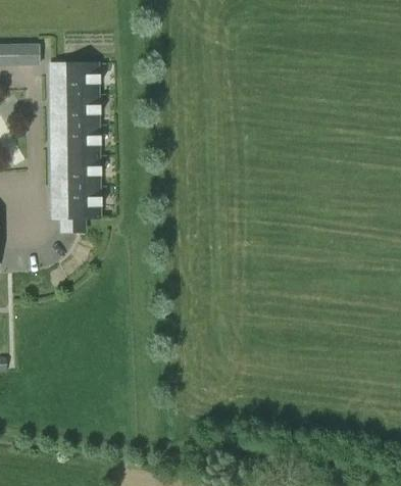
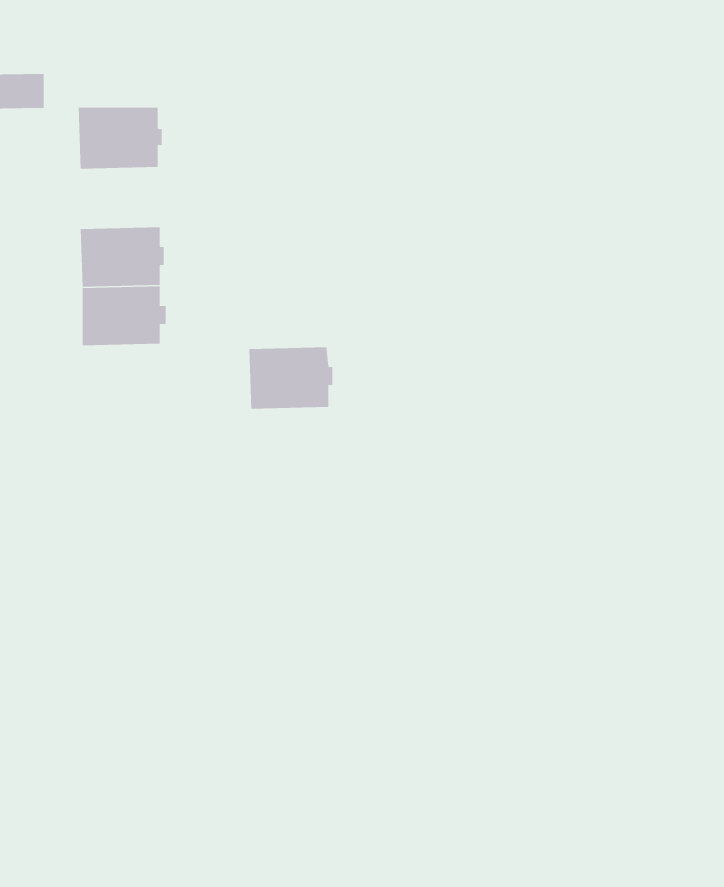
building: [57,94,101,126] -> none
building: [58,186,102,218] -> [249,347,333,409]

